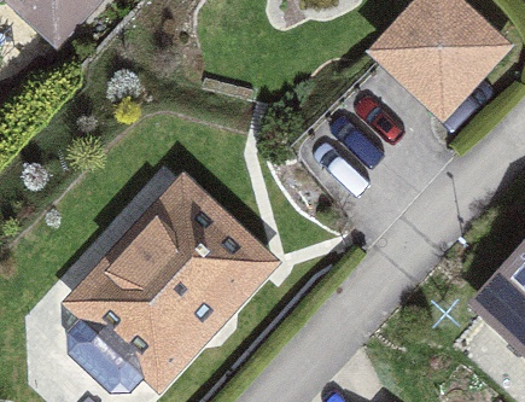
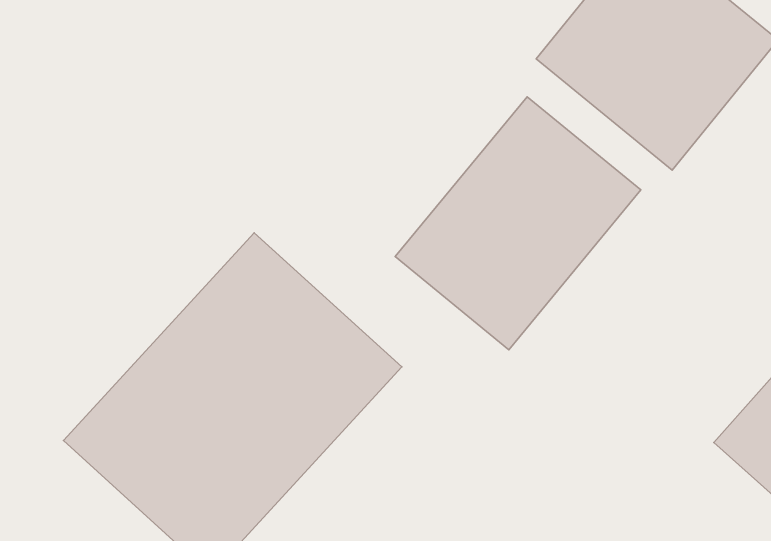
building: none -> [395,97,641,350]

